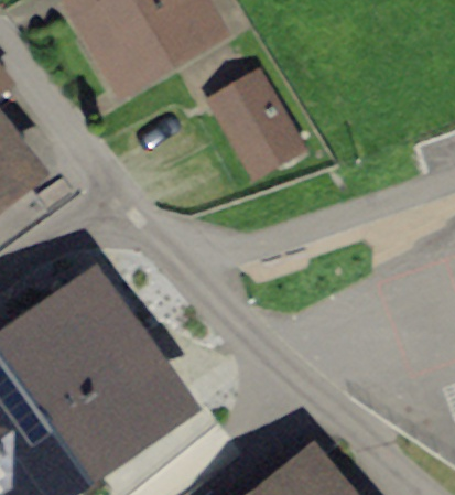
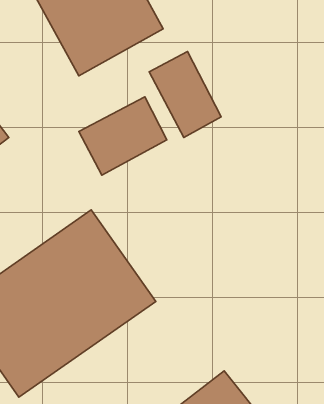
building: none -> [79,97,167,175]

